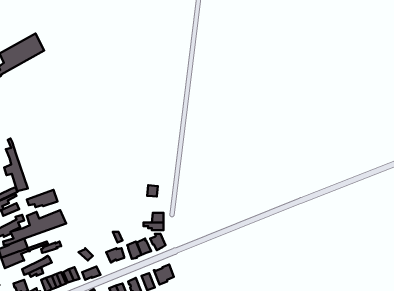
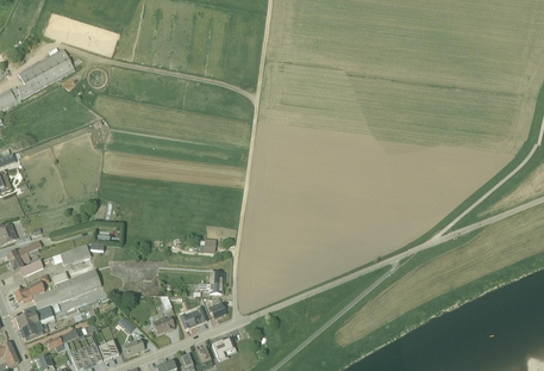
building: [4,138,28,191] -> none

